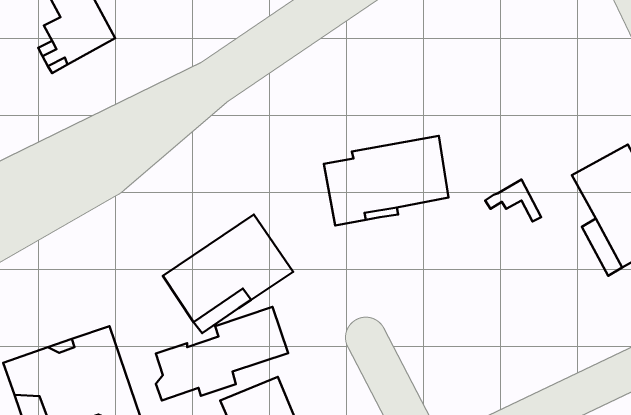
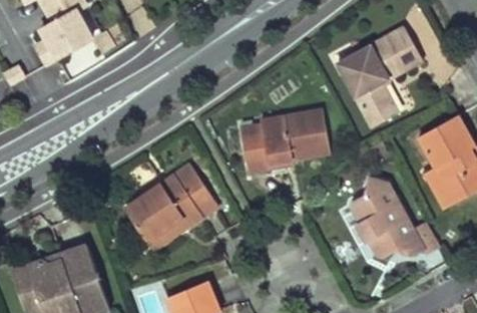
building: none -> [337,26,423,127]
building: none -> [351,177,440,257]
building: [156,307,288,401] -> none

